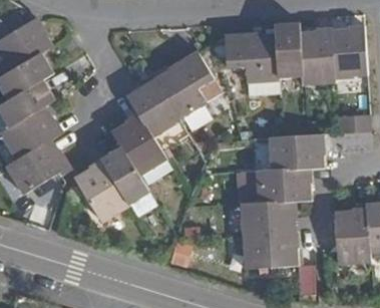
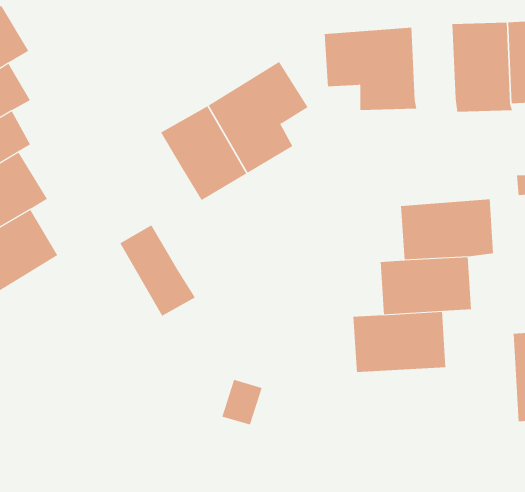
building: [276,23,302,74] -> none
building: [112,113,167,175] -> none
building: [76,159,131,222] -> none
building: [244,232,299,267] -> none

